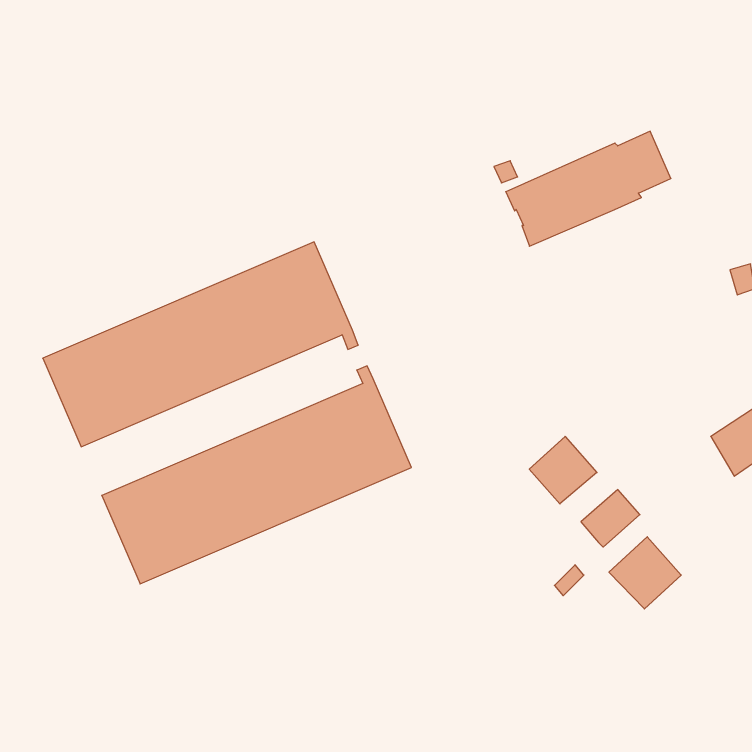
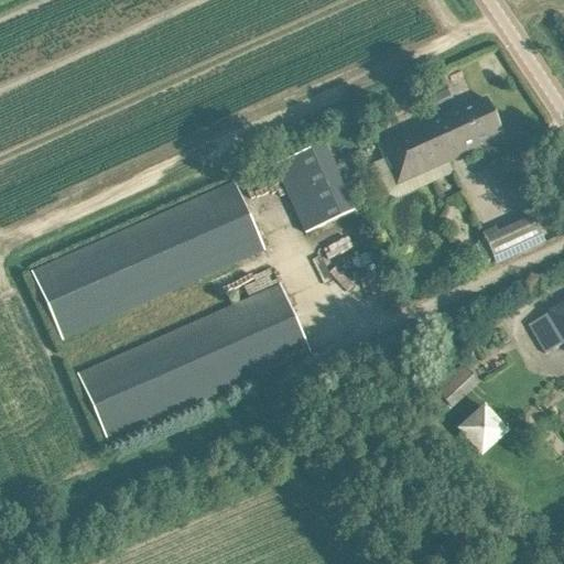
building: none -> [276,142,355,231]
building: none -> [486,218,544,262]
building: [529,436,597,504] -> none

